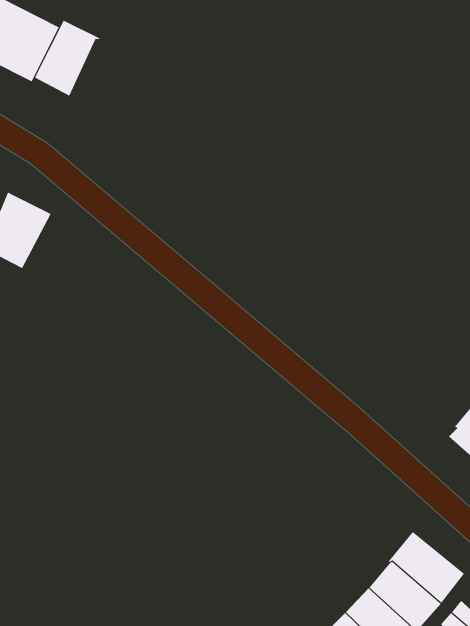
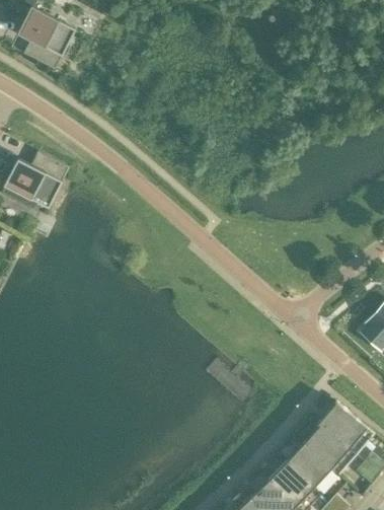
building: [34,20,100,97] -> none

